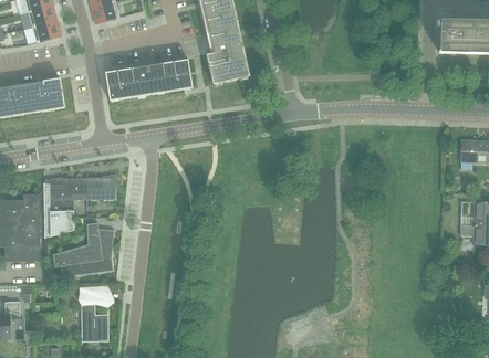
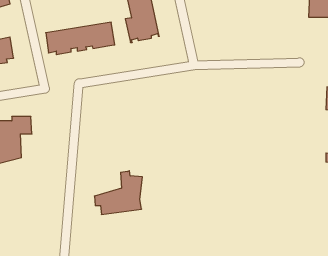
building: [86,176,115,199] -> none
building: [53,221,114,276] -> [94,171,142,214]
building: [81,287,108,340] -> none

